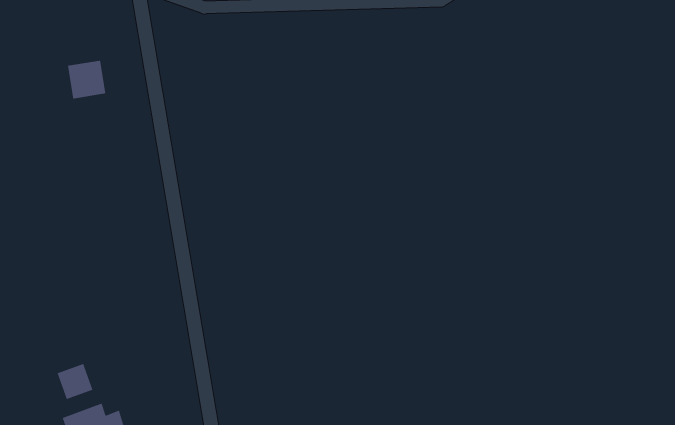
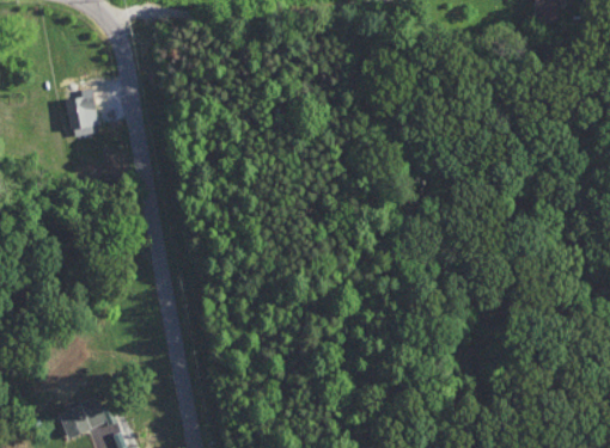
building: [57,363,93,400] -> none

